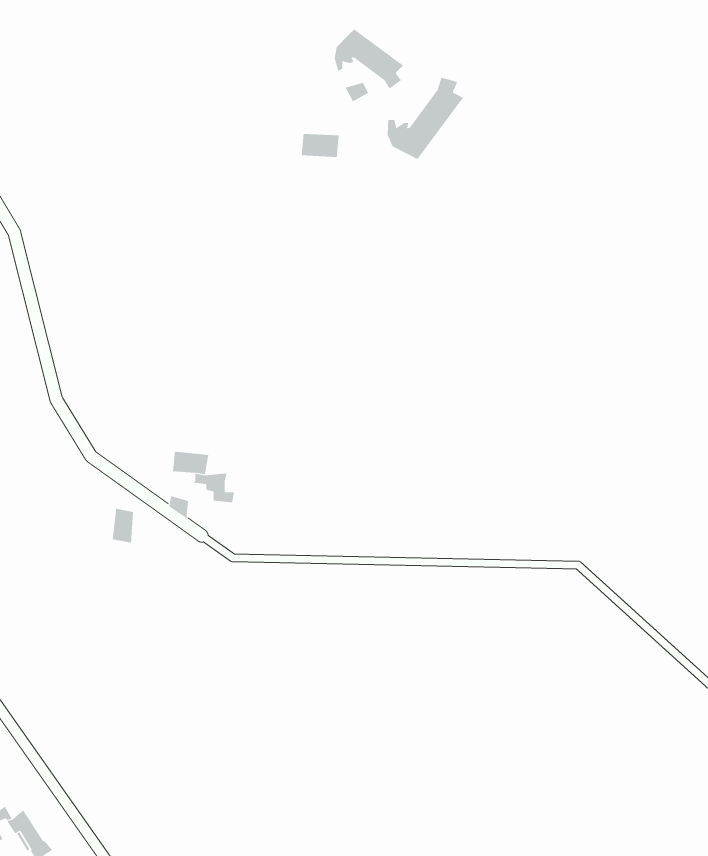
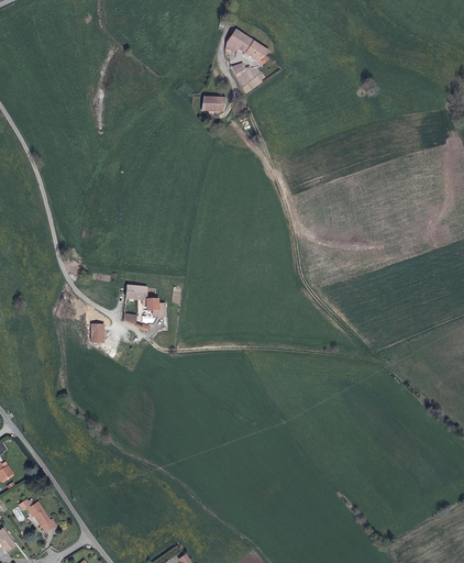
building: [387,77,464,160] -> none

